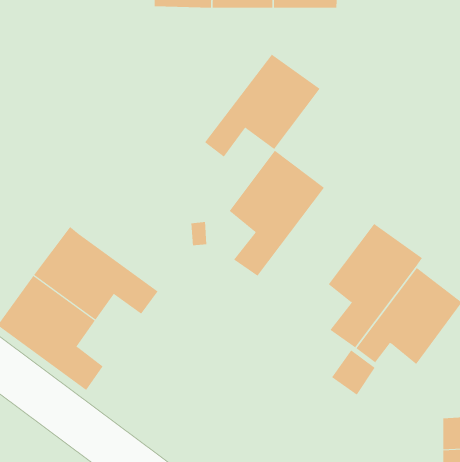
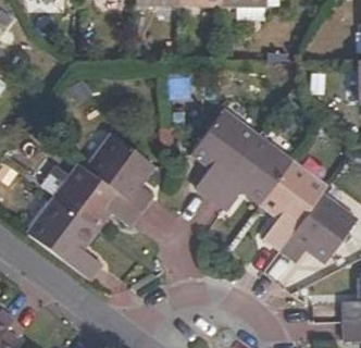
building: [204,54,320,157] -> [211,136,294,210]
building: none -> [84,133,154,210]

